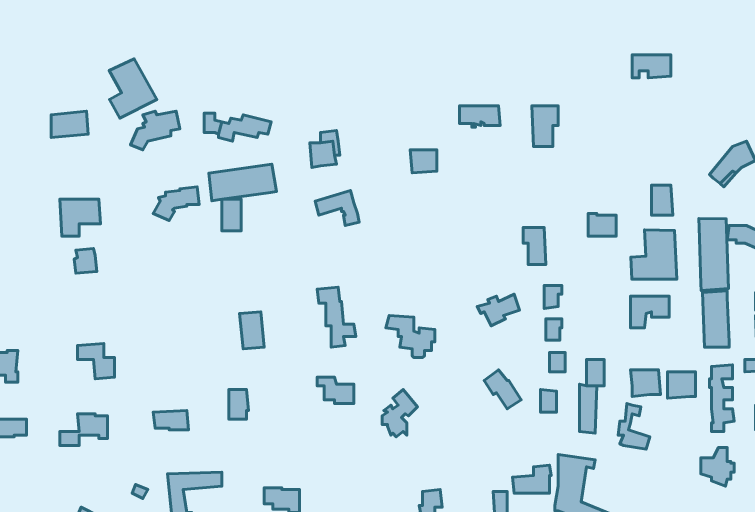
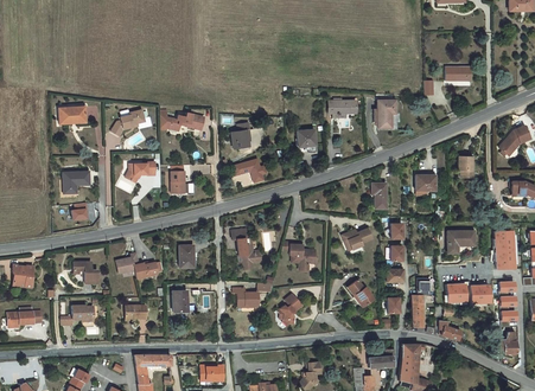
building: [109,59,157,118] -> none
building: [209,164,277,201] -> none
building: [699,219,728,290] -> none
building: [631,230,677,279] -> none
building: none -> [115,255,161,280]

